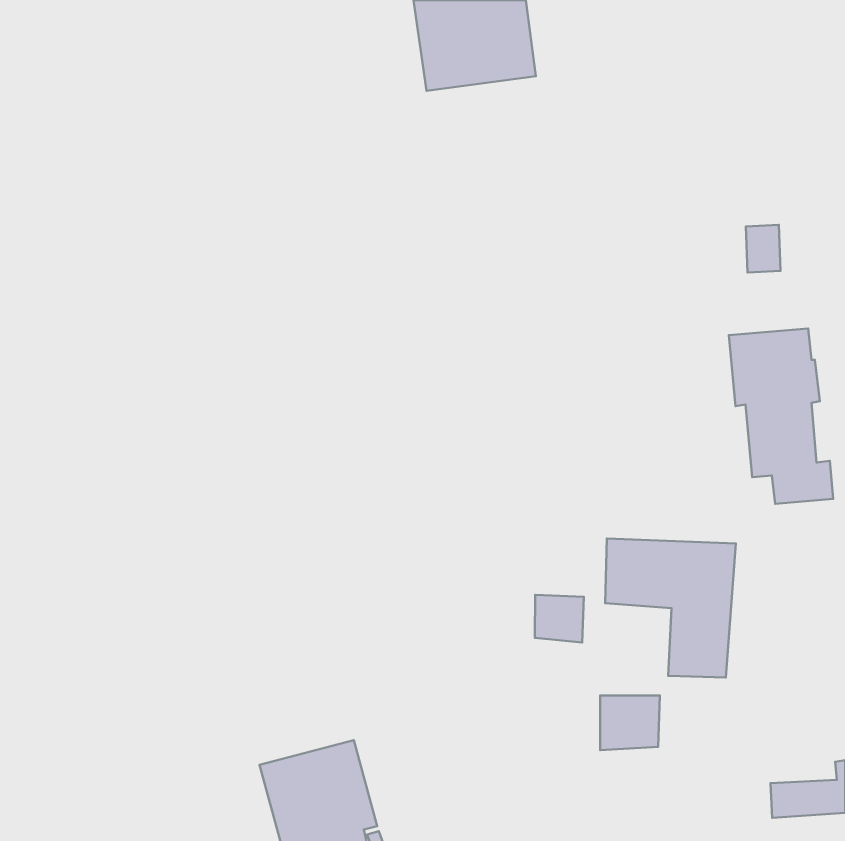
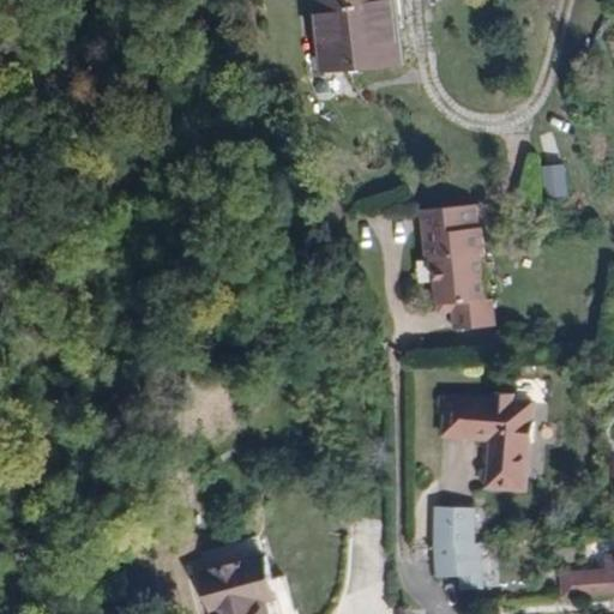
building: [729,329,833,504] -> [421,204,496,331]
building: [535,595,584,643] -> none
building: none -> [435,544,486,590]

